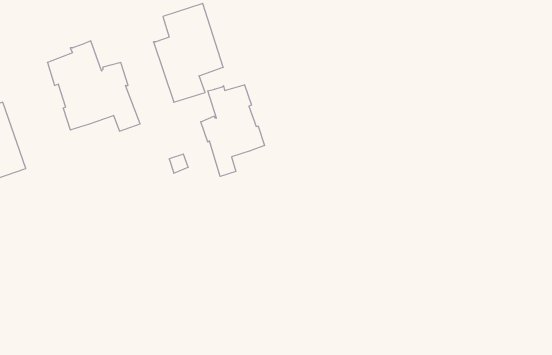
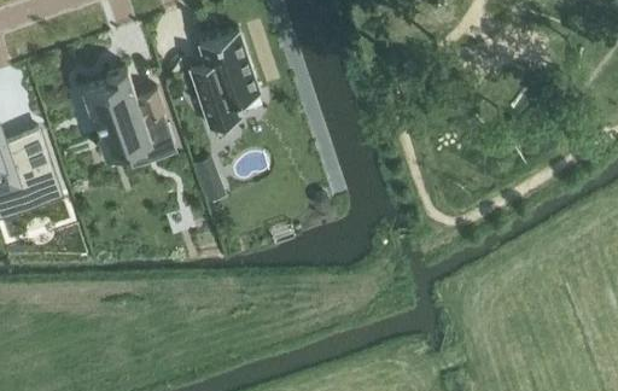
building: [201,85,265,176] -> none

